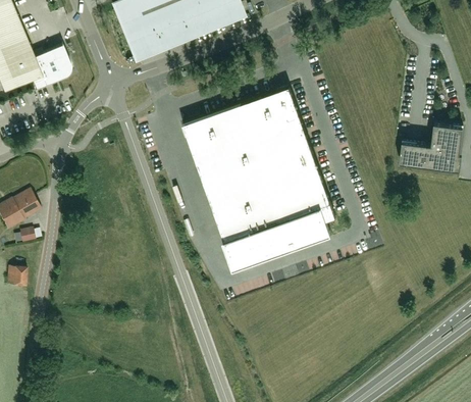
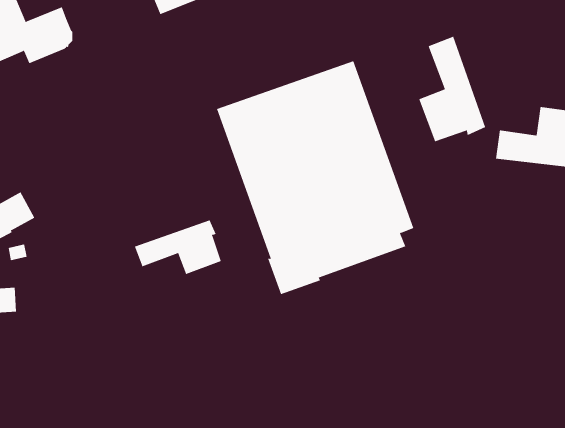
building: none -> [418,36,486,142]
building: none -> [134,219,222,275]

